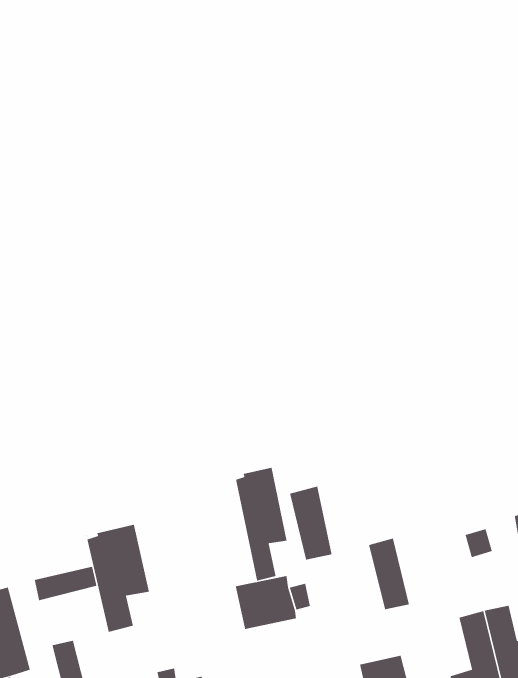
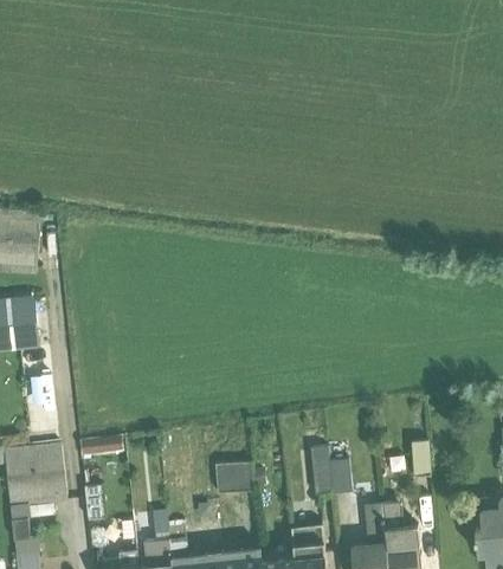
building: [234,467,287,581] -> none
building: [289,486,333,560] -> [327,442,350,492]
building: [86,524,150,633] -> none

